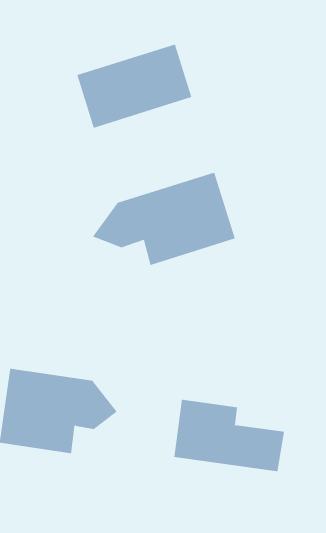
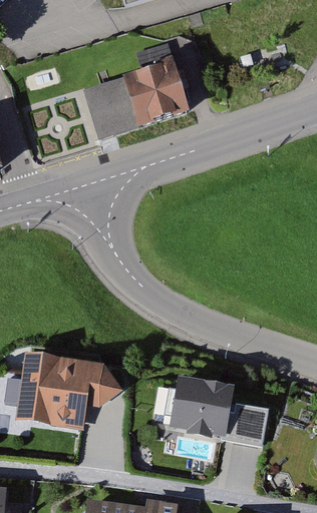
building: [92,172,236,266] -> none

